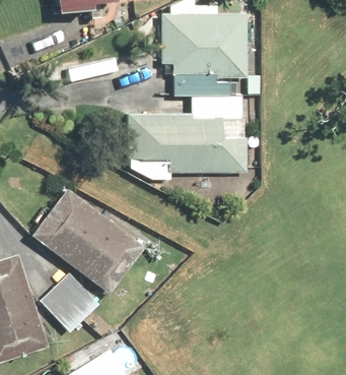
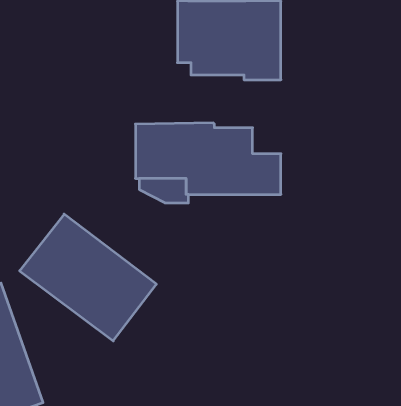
building: [174,75,245,140] -> none
building: [39,273,99,333] -> none

